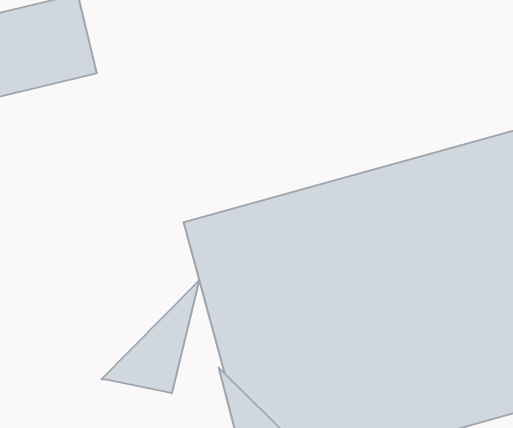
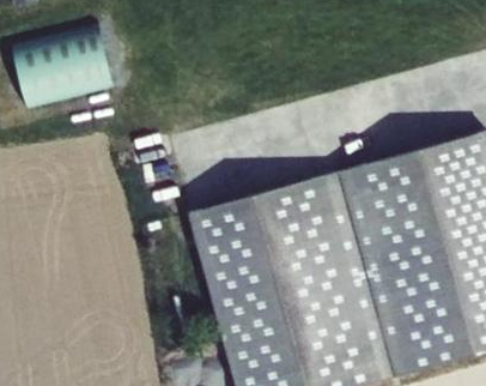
building: [101,280,199,393] -> none

